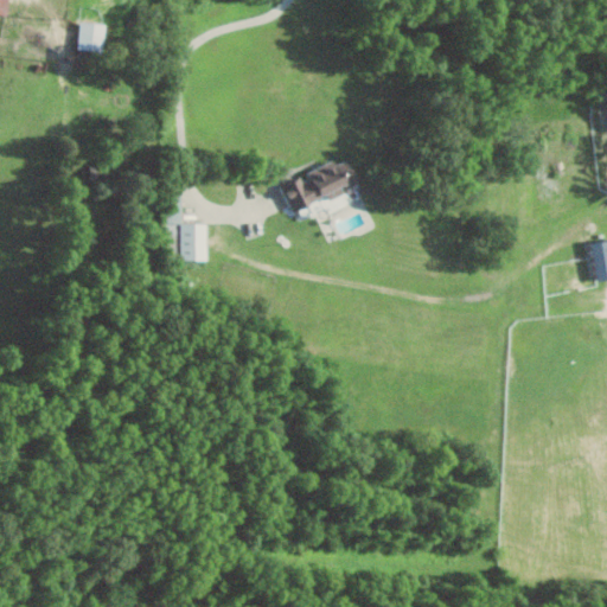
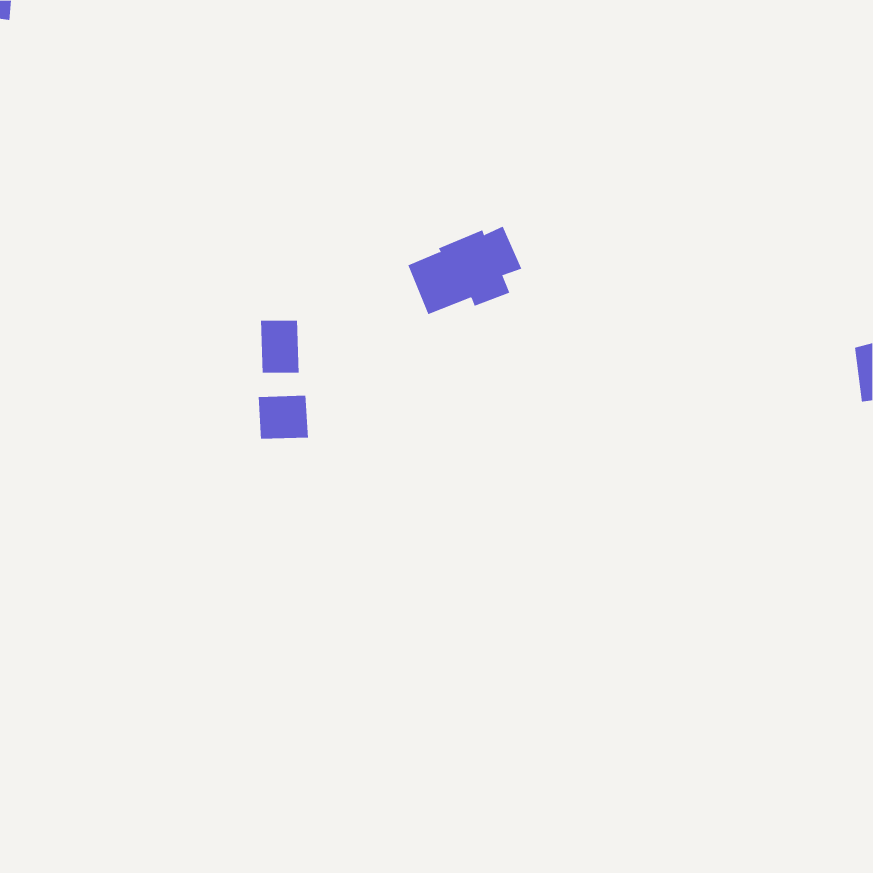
building: [78,24,106,52] -> none
building: none -> [258,395,308,440]

